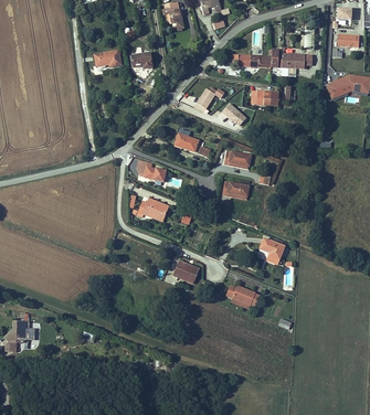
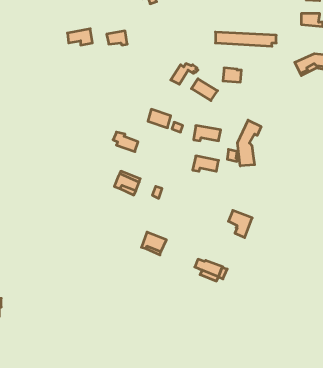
building: none -> [238,120,261,166]

